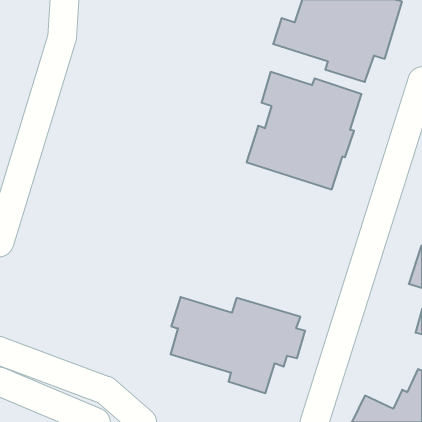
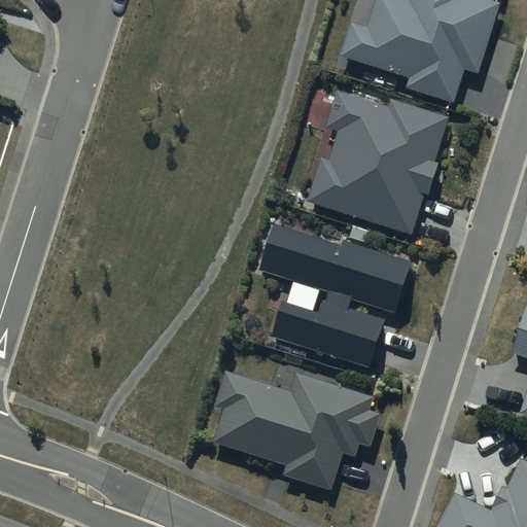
building: none -> [260,224,413,368]

